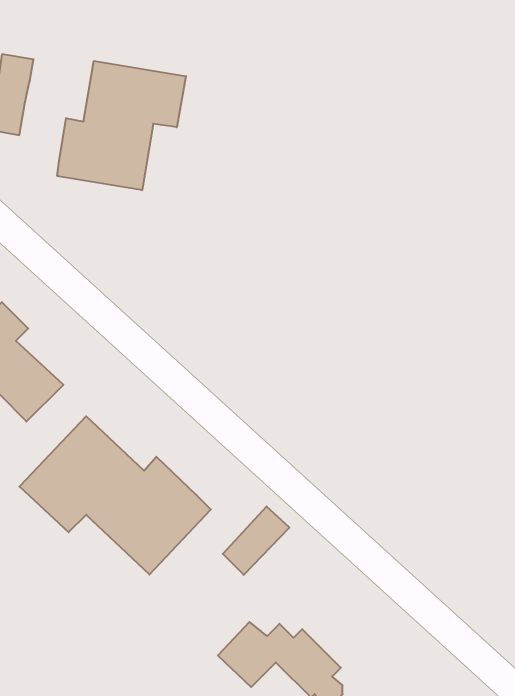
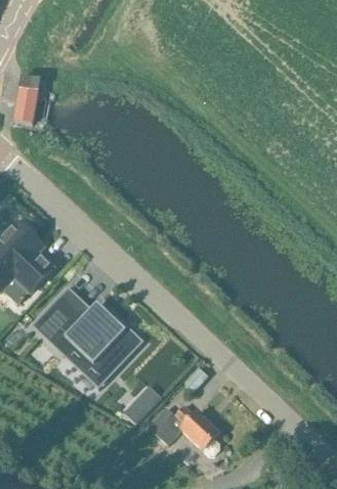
building: [57,61,186,190] -> none
building: [223,506,289,575] -> [124,386,163,426]

